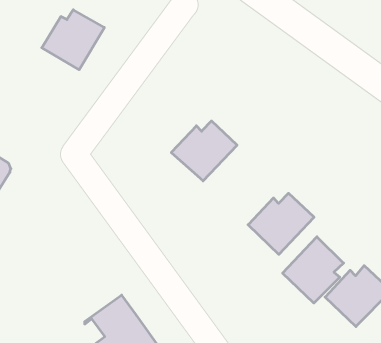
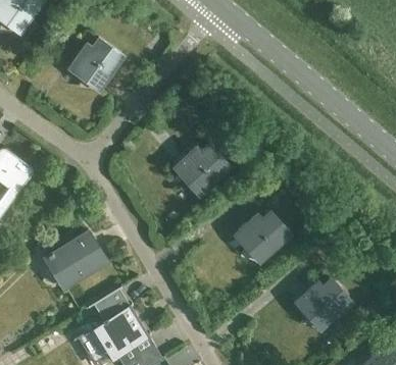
building: none -> [46,232,107,291]
building: [283,237,344,303] -> none

